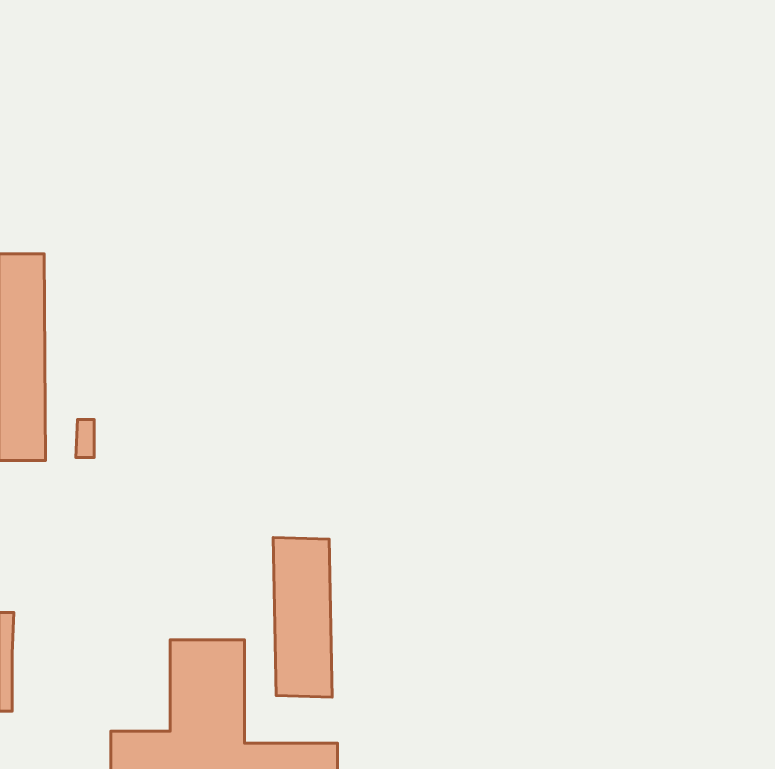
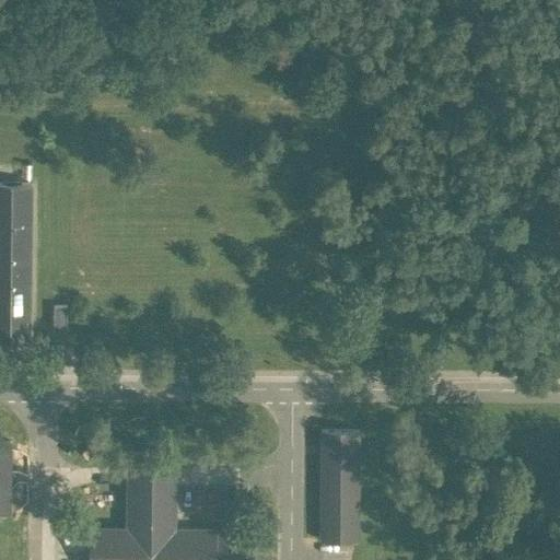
building: [273,538,332,697] -> [316,431,359,546]

